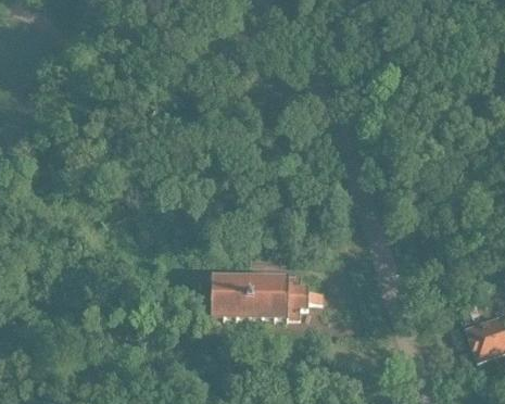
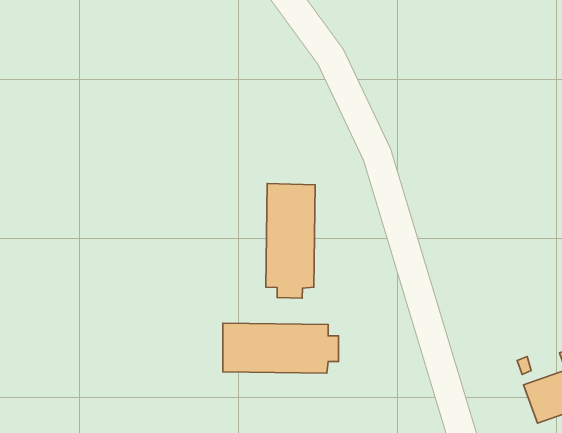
building: none -> [266,183,315,298]

